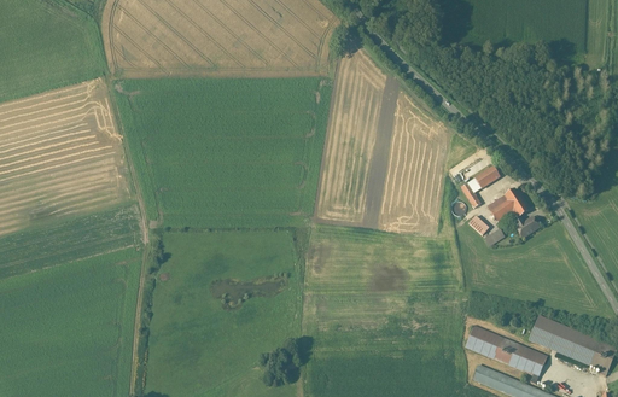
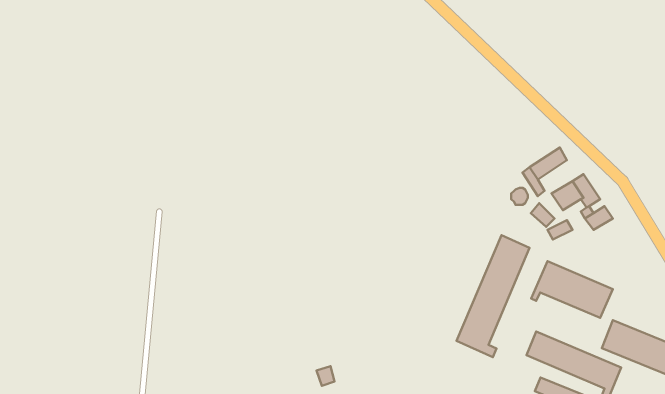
building: none -> [456,235,529,357]
building: none -> [531,261,613,318]

